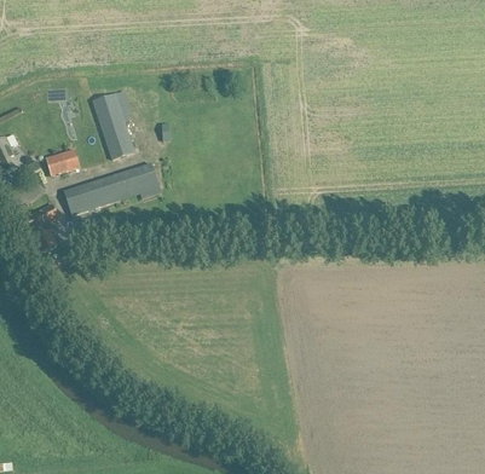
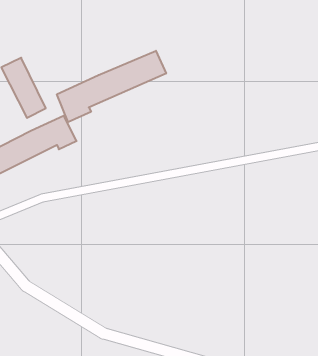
building: none -> [57,51,166,122]

